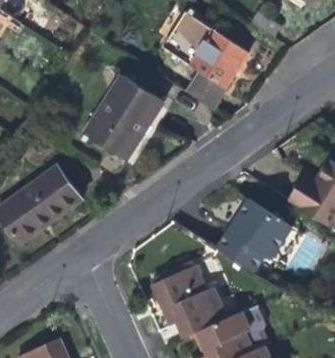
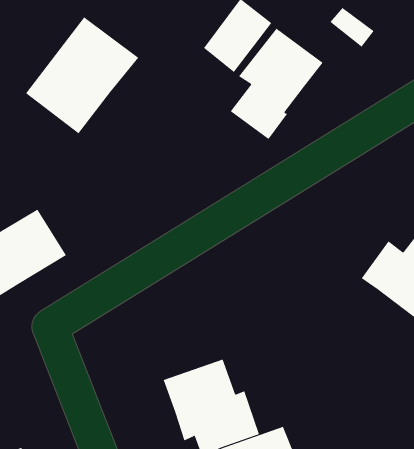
building: [85,76,163,159] -> [25,16,139,134]
building: [215,197,288,270] -> none

